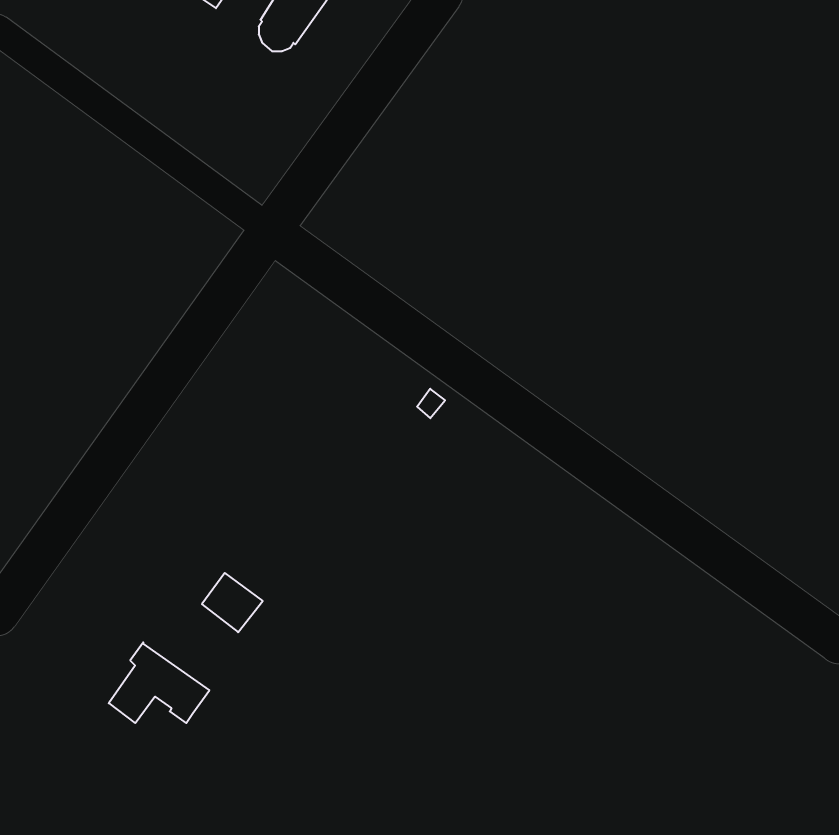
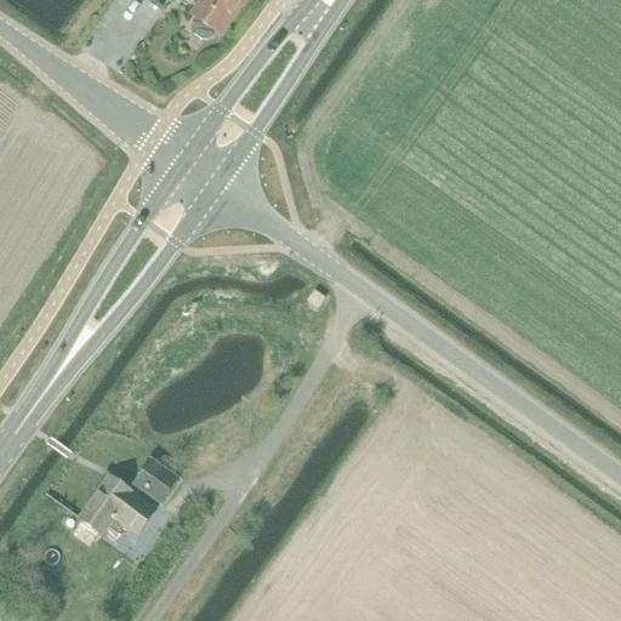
building: [202,573,263,632] -> [133,458,178,502]

